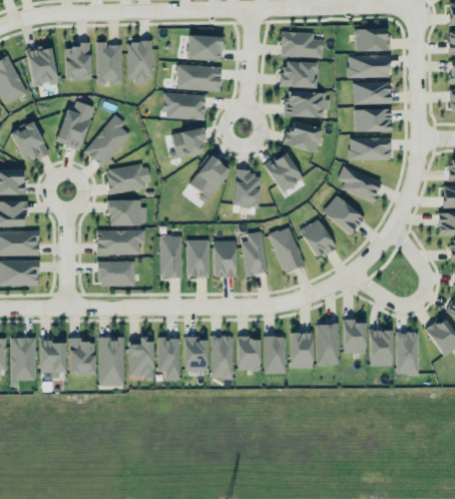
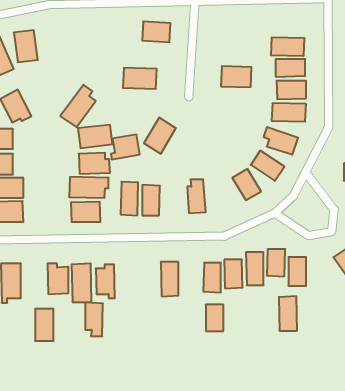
building: [356,28,389,51] -> none
building: [281,32,324,58] -> none
building: [128,41,152,82] -> none
building: [65,42,91,80] -> none
building: [97,42,122,85] -> none
building: [282,61,318,88] -> none
building: [177,65,221,91] -> none
building: [56,101,94,150] -> none
building: [284,122,322,152] -> none
building: [169,128,205,159] -> [111,135,140,159]
building: [266,152,303,192] -> none
building: [233,171,262,208] -> none
building: [270,226,305,273] -> none
building: [213,240,237,278] -> none
building: [396,332,419,375] -> [279,296,297,331]
building: [158,338,180,380] -> [85,303,103,336]
building: [184,338,206,372] -> none
building: [238,338,260,371] -> [206,305,223,331]
building: [41,339,64,379] -> [35,309,54,341]

